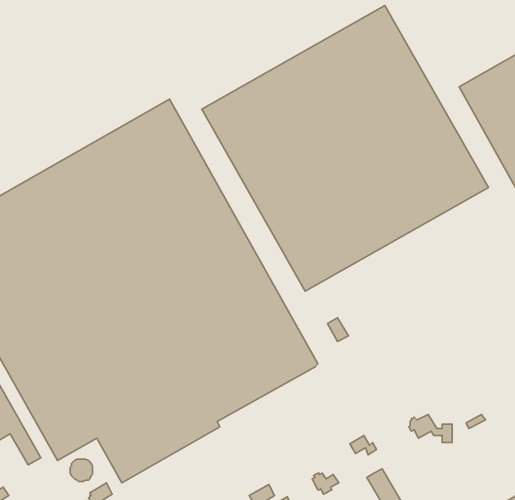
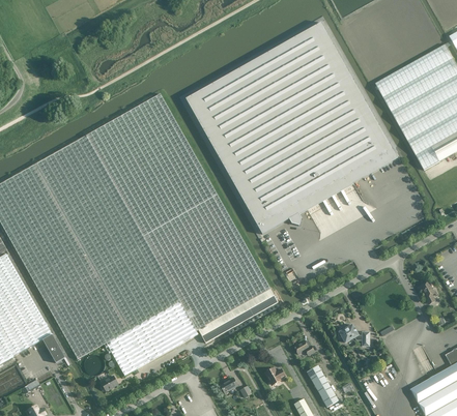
building: none -> [198,288,278,343]

